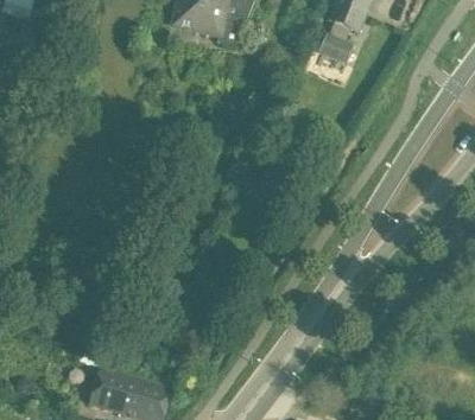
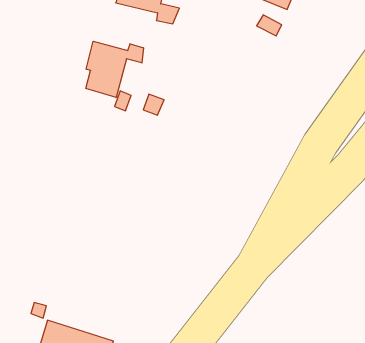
building: none -> [86,41,143,98]

